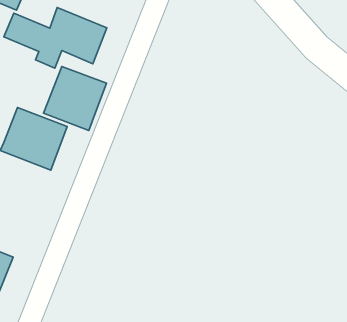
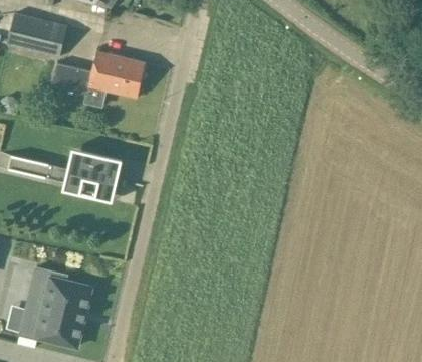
building: [43,66,107,130] -> none

